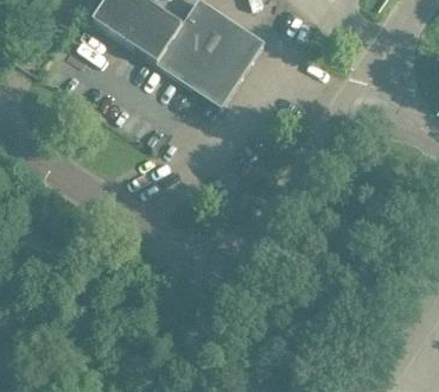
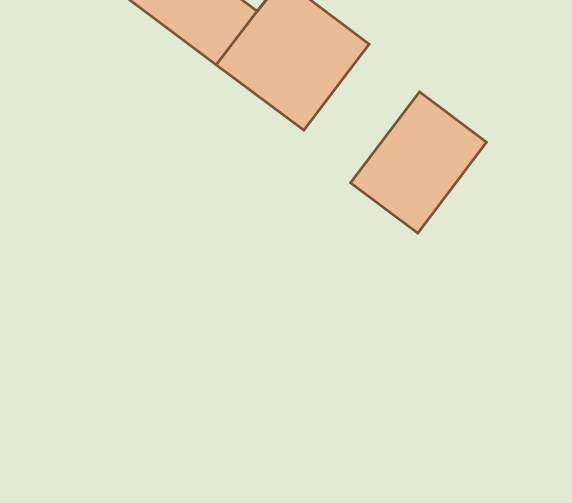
building: none -> [350,92,487,233]

